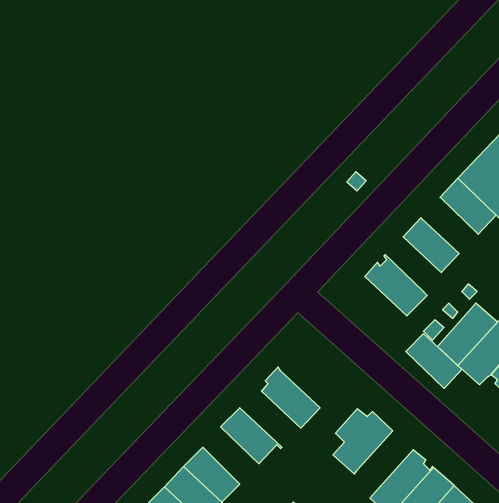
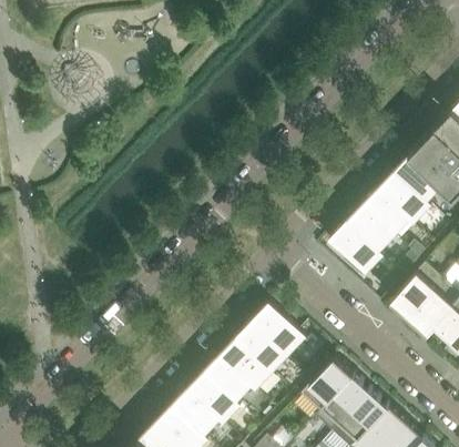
building: none -> [376,173,429,225]
building: [406,334,462,388] -> [345,207,394,255]
building: none -> [254,304,305,356]
building: none -> [218,338,272,390]
building: none -> [186,373,238,426]
building: none -> [320,376,369,427]

